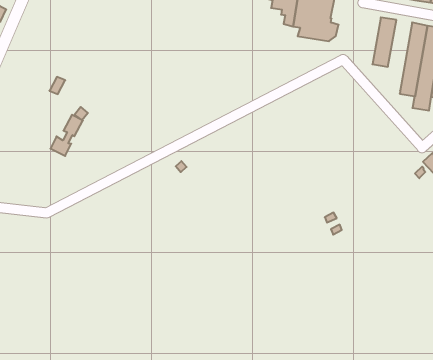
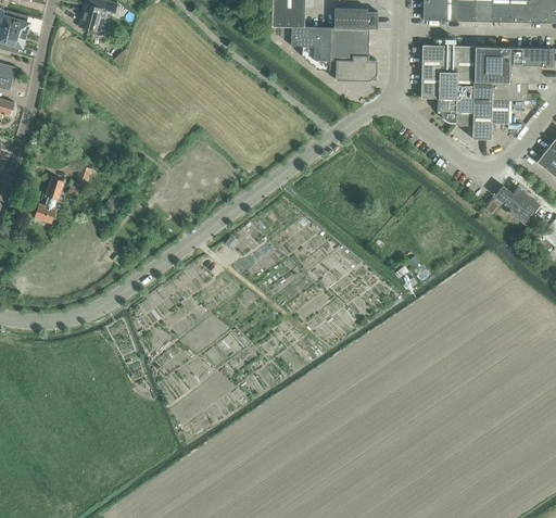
building: none -> [438,46,456,122]
building: [50,115,83,156] -> [34,177,64,223]

